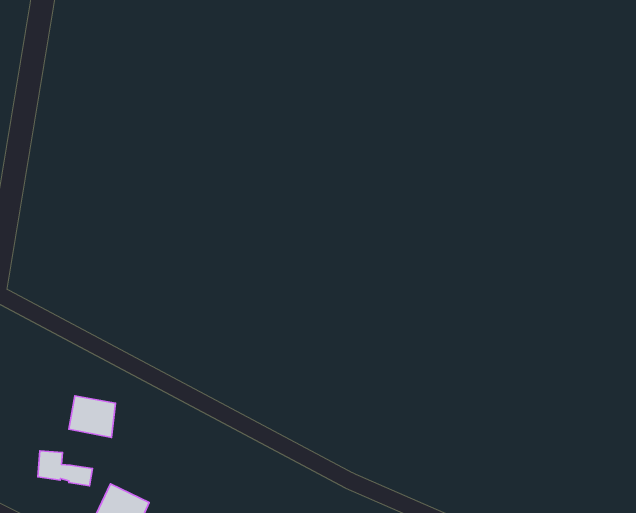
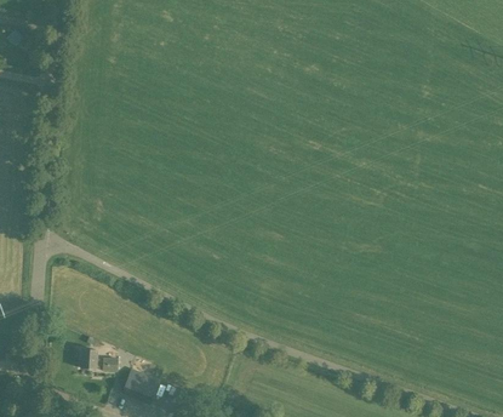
building: [69,396,116,437] -> none

